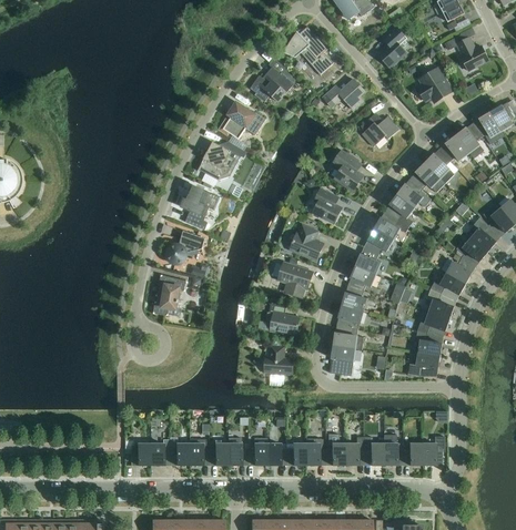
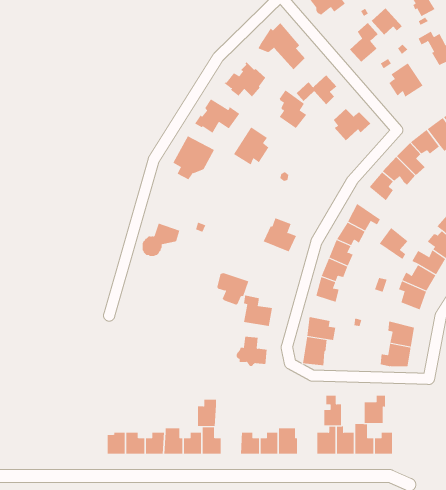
building: none -> [371,8,403,35]
building: none -> [233,126,269,165]
building: [334,150,363,190] -> [279,90,307,129]
building: [183,186,220,230] -> none
building: [312,188,341,222] -> none
building: [384,193,414,226] -> [379,227,408,260]
building: [279,263,312,296] -> [217,273,249,305]
building: [152,274,186,315] -> none
building: [335,304,363,329] -> none
building: [416,310,448,336] -> none
building: [324,434,343,465] -> [323,395,342,426]
building: [421,436,443,465] -> [364,395,386,424]
building: [246,437,266,465] -> [197,399,217,427]

